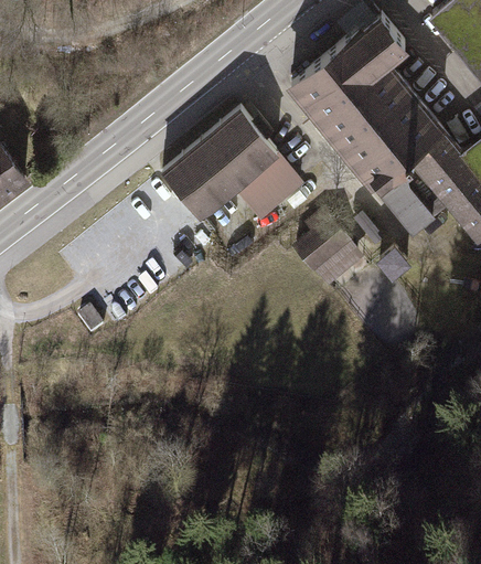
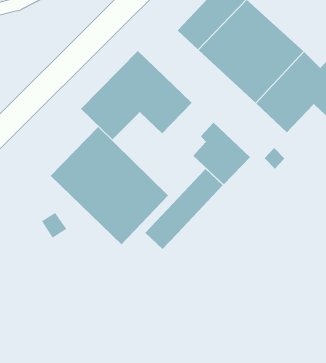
building: none -> [50,126,169,245]
building: none -> [145,168,224,250]

